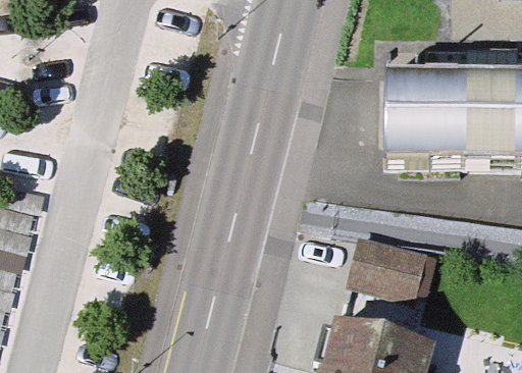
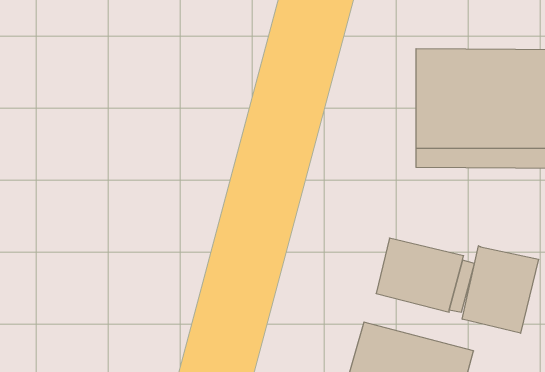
building: none -> [462,246,538,333]

